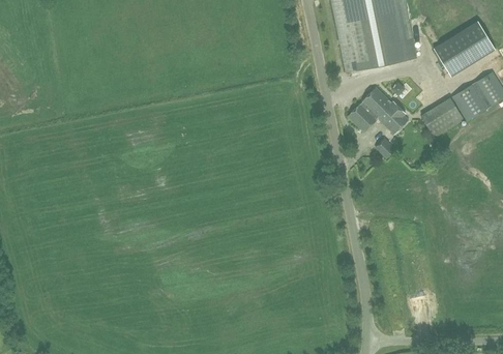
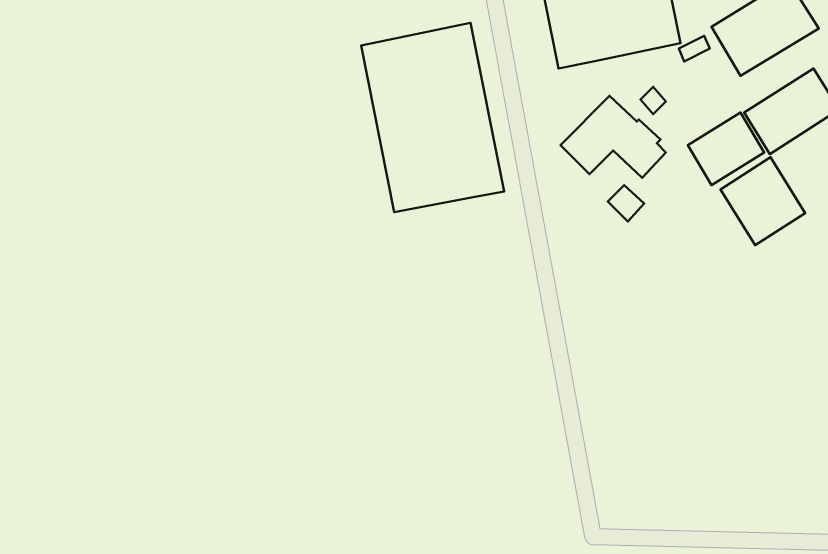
building: none -> [361,23,504,212]
building: none -> [721,157,805,245]

